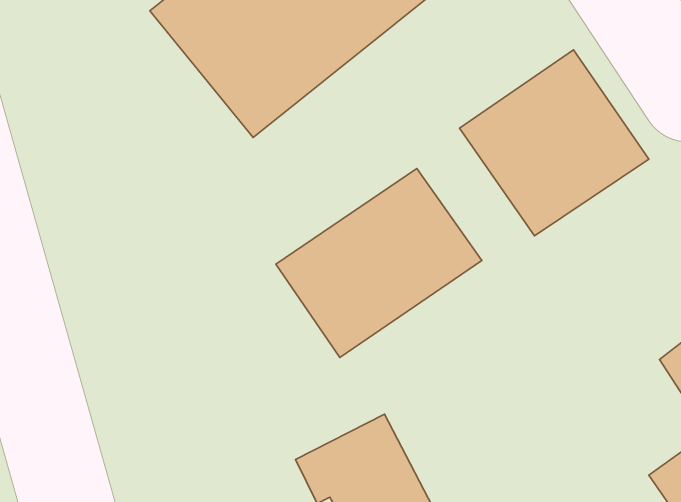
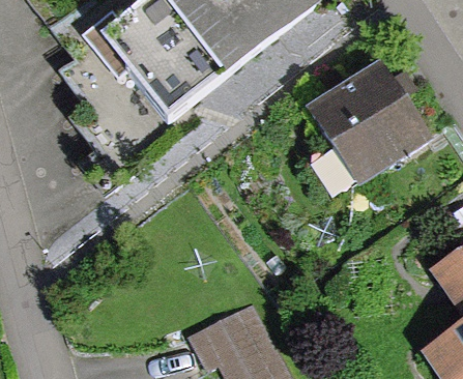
building: [276,169,482,358] -> none

